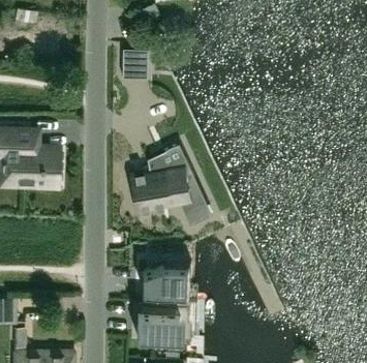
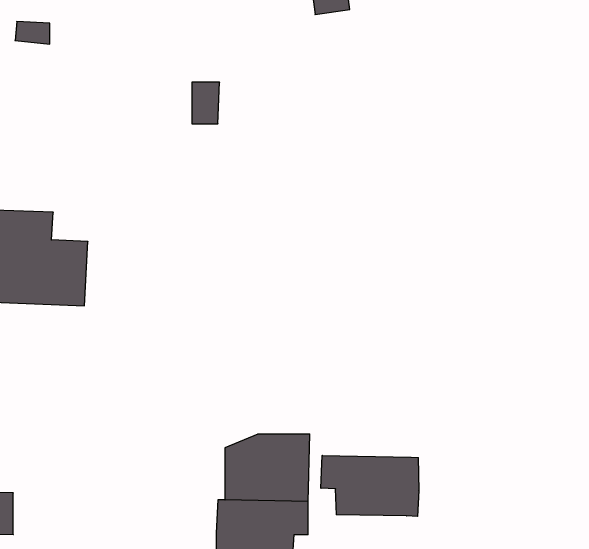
building: [128,151,207,210] -> none
building: none -> [321,455,419,516]

